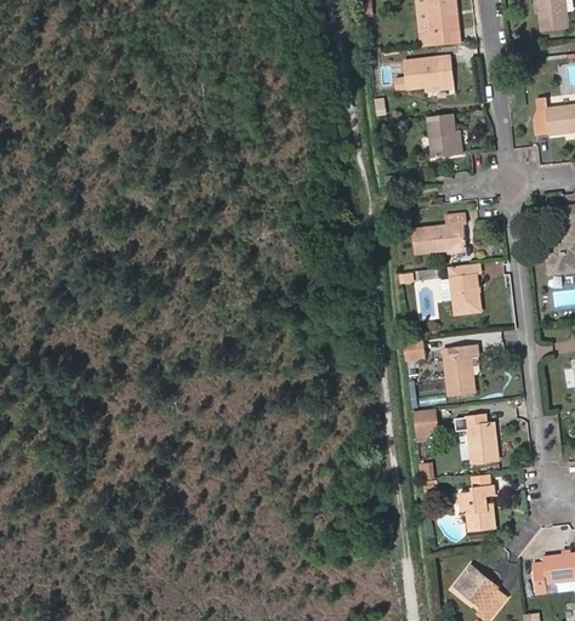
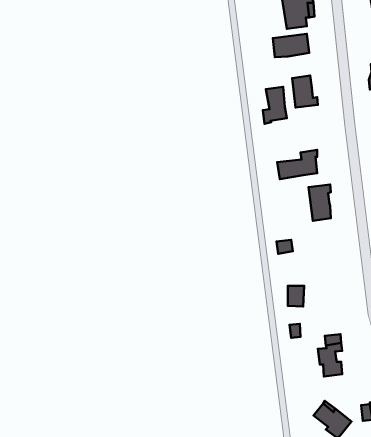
building: none -> [263,87,287,124]
building: [445,347,480,398] -> none
building: [469,416,500,465] -> none

